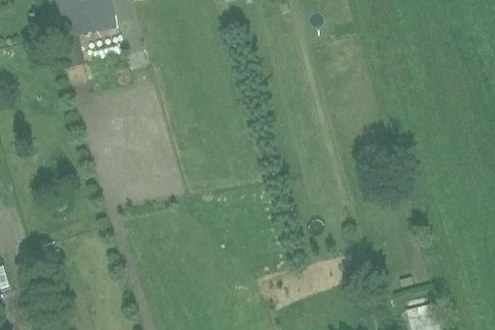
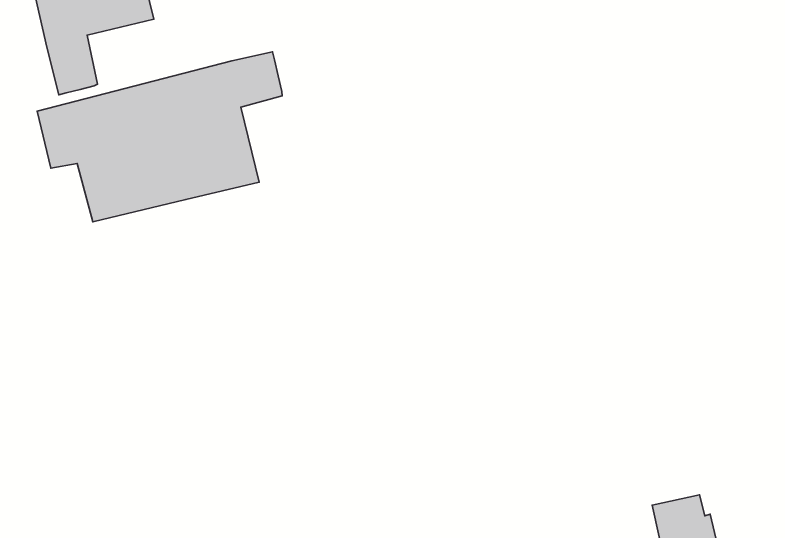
building: none -> [37,52,282,222]

